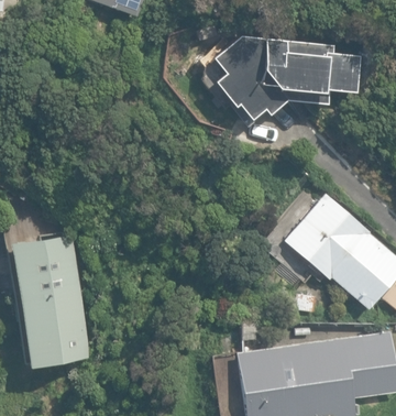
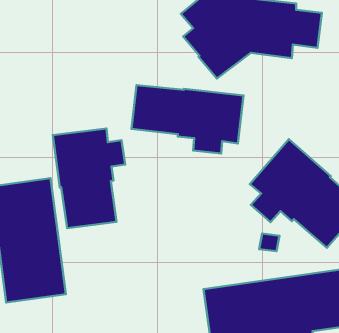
building: none -> [131,85,244,153]
building: none -> [53,129,125,228]

